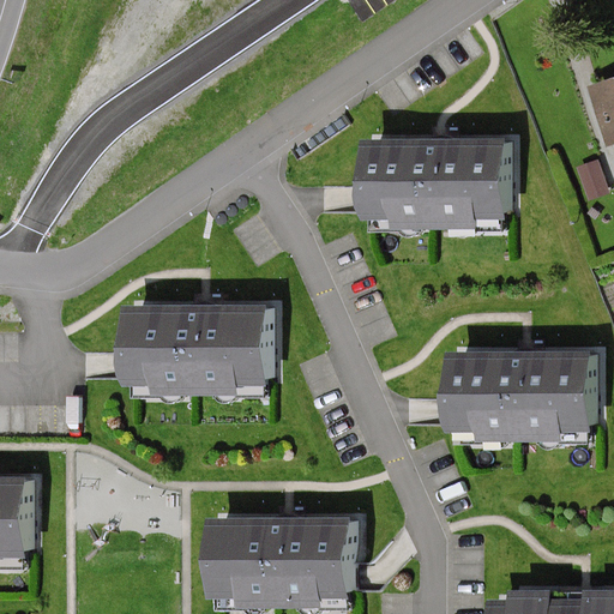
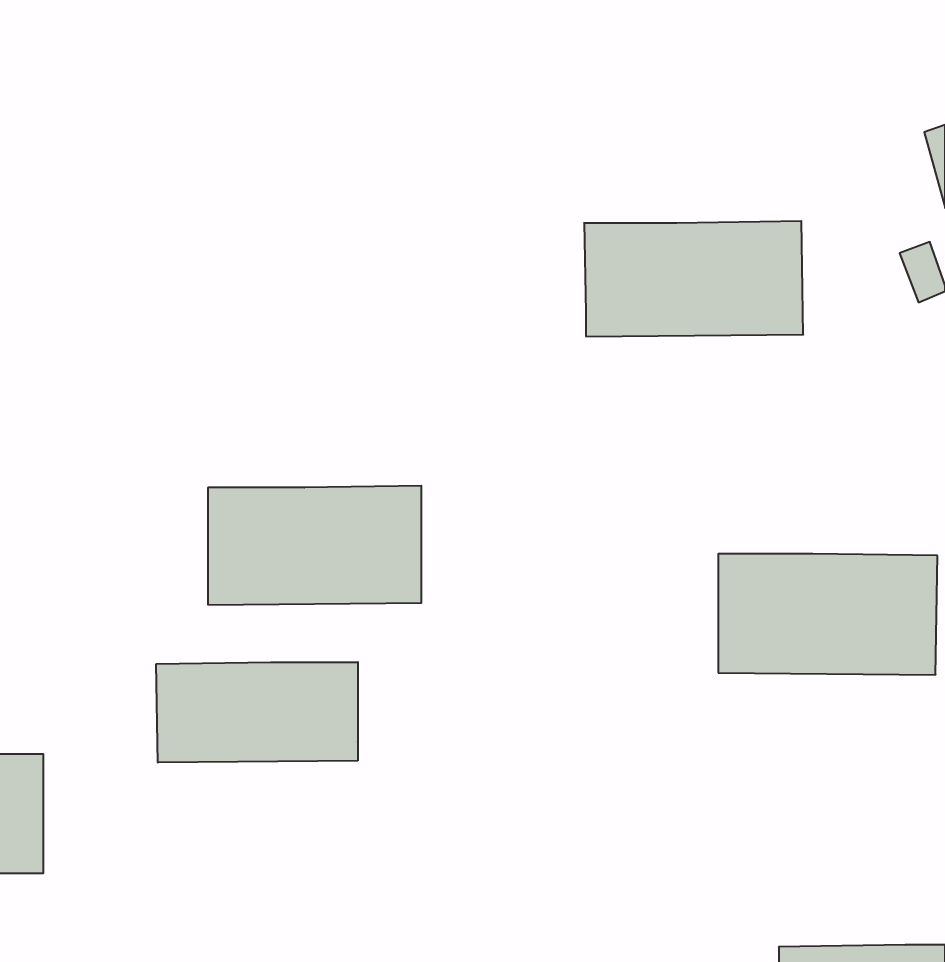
building: none -> [156,662,358,763]
building: [213,522,351,596] -> none

